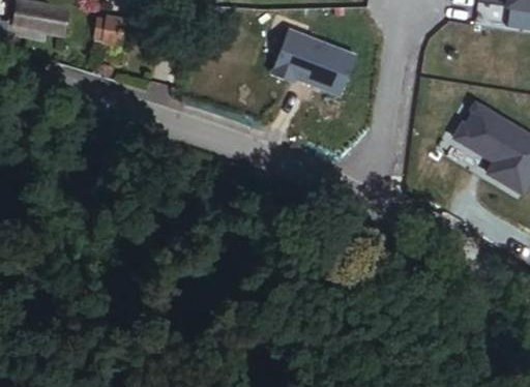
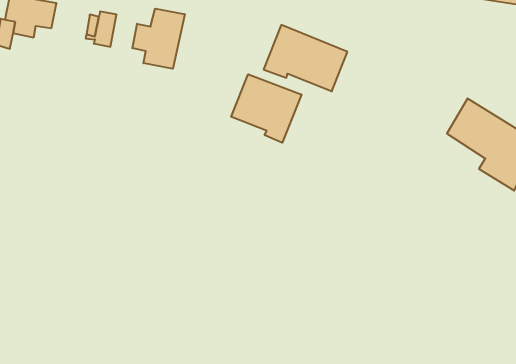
building: none -> [132,9,185,69]
building: none -> [231,74,301,143]

